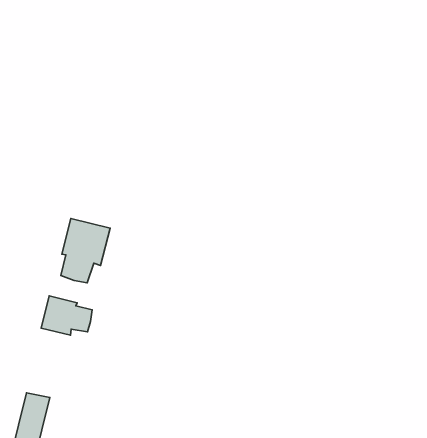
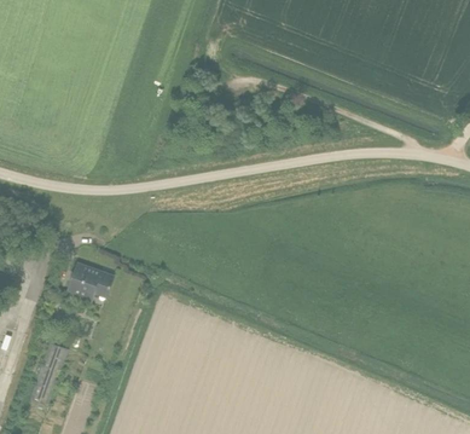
building: [61,218,110,283] -> none

